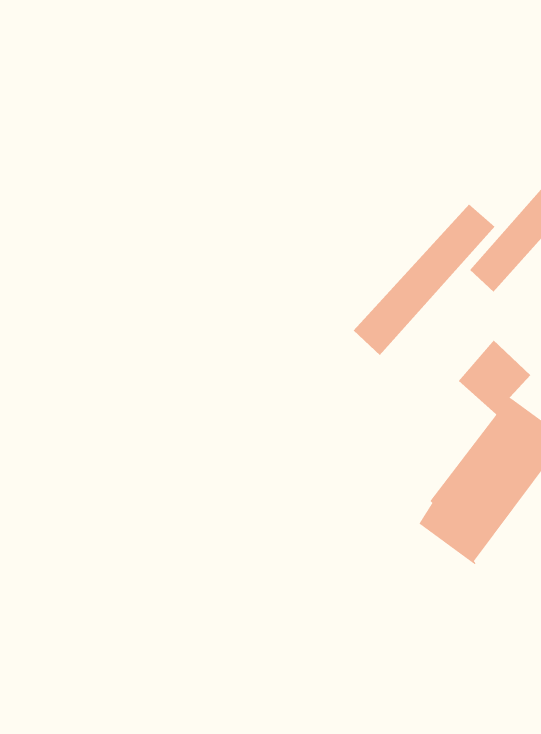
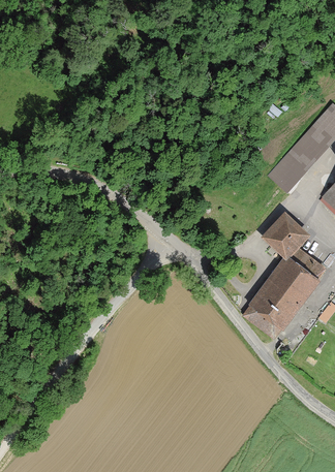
building: [353,203,496,356] -> none

